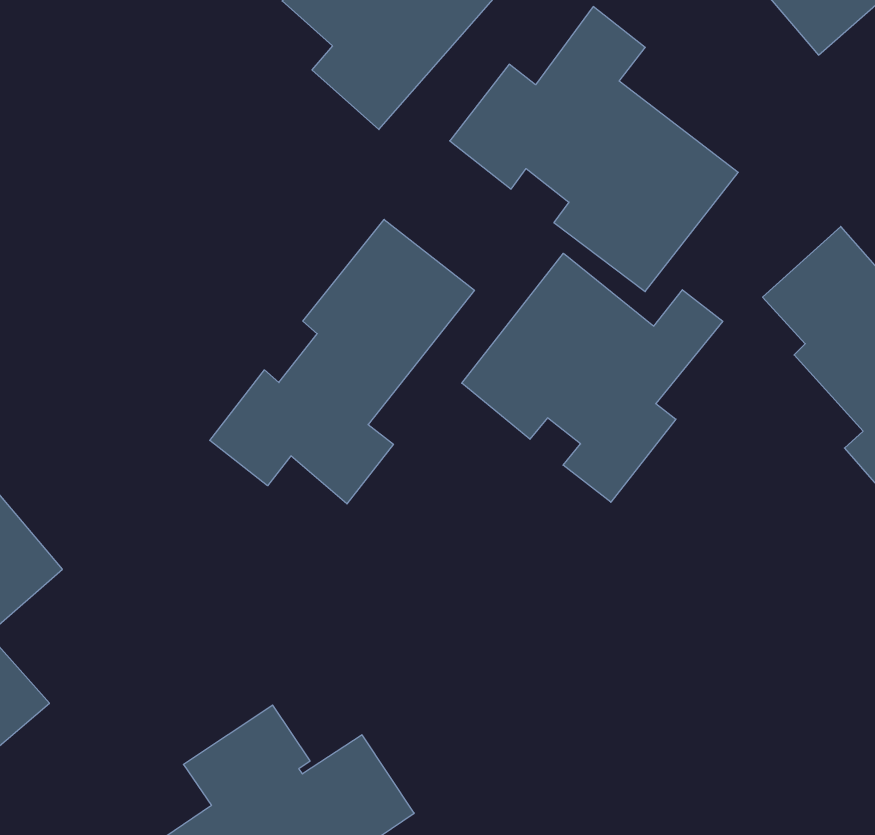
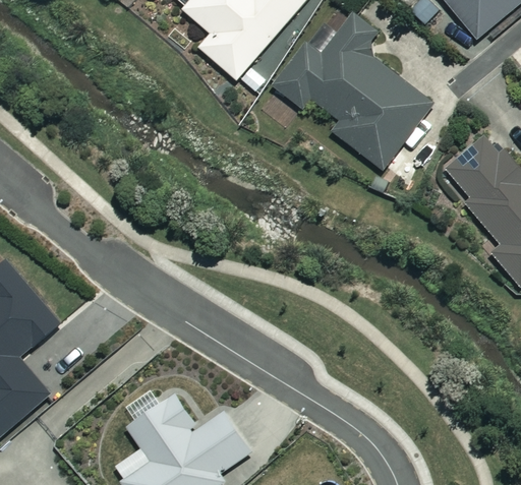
building: [210,219,474,504] -> none
building: [462,253,723,502] -> none

